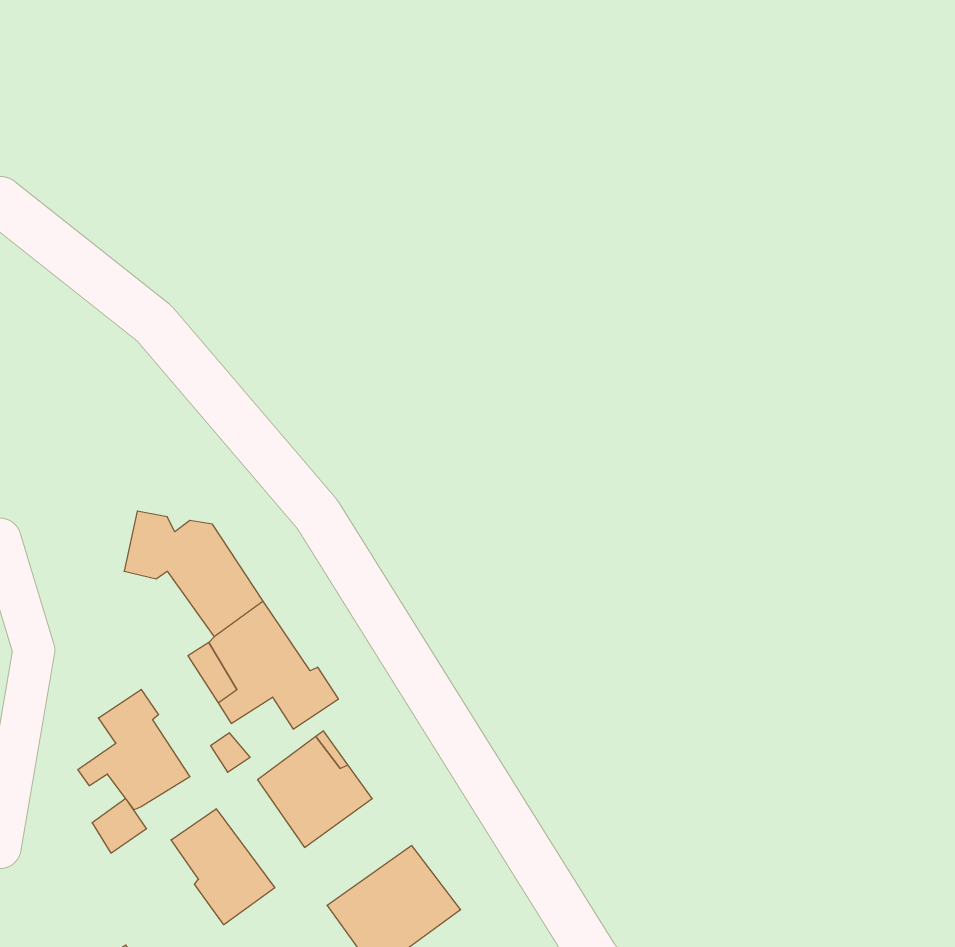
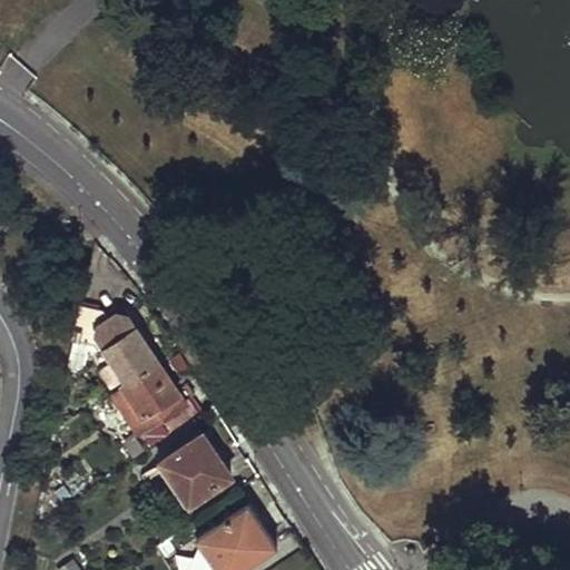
building: [78,689,190,810] -> none
building: [171,809,275,925] -> none

